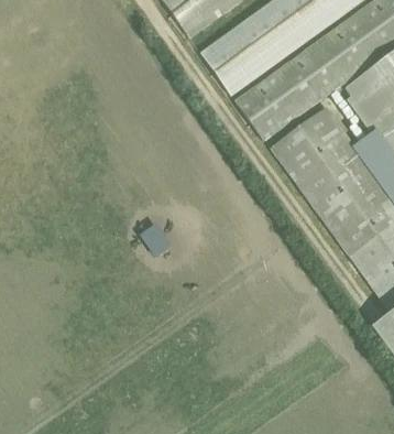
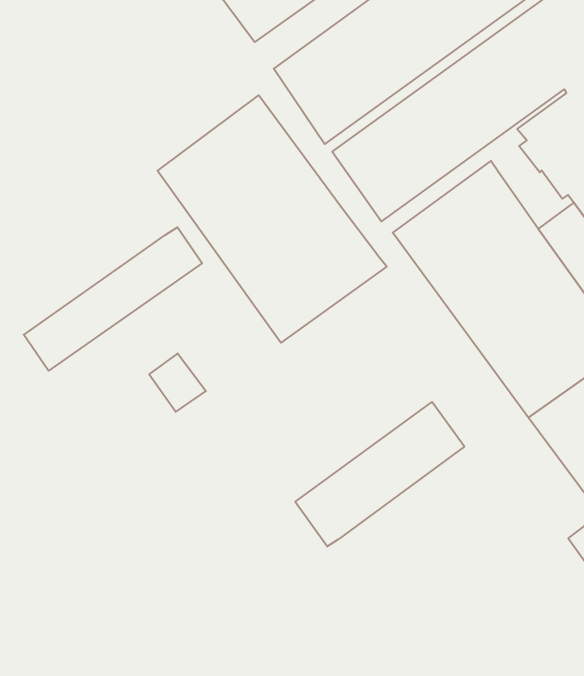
building: none -> [157,95,387,343]
building: none -> [24,227,202,371]
building: none -> [295,402,464,547]

